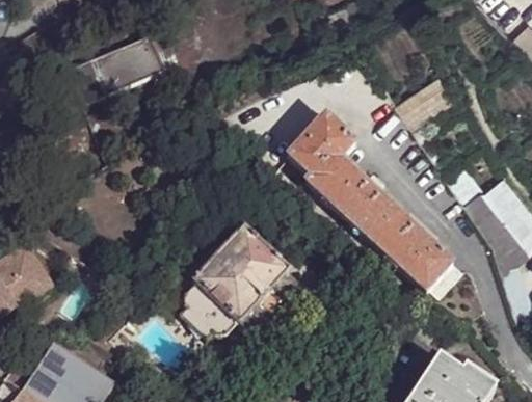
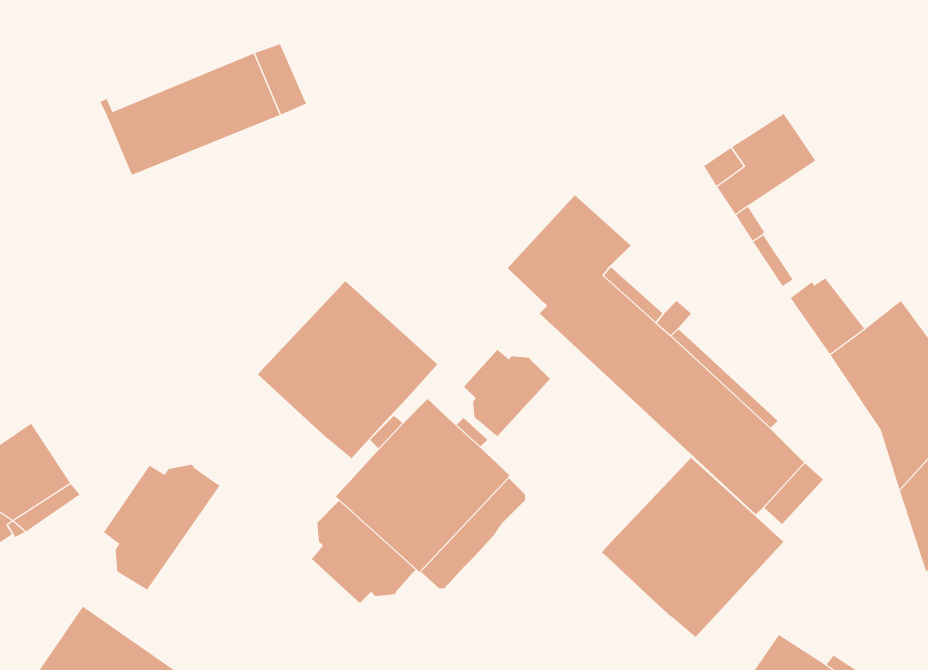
building: none -> [257,279,438,459]
building: none -> [463,349,551,437]
building: none -> [601,456,784,638]
building: none -> [103,464,220,590]

